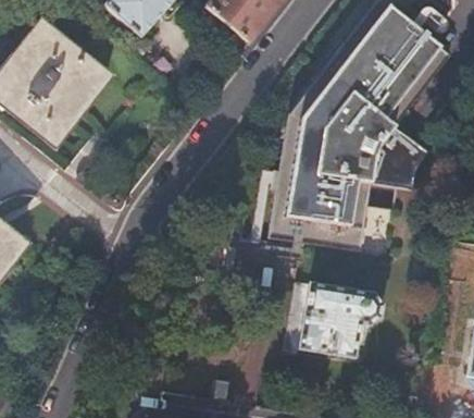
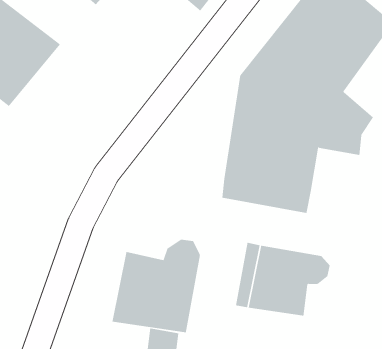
building: none -> [112,239,200,333]

